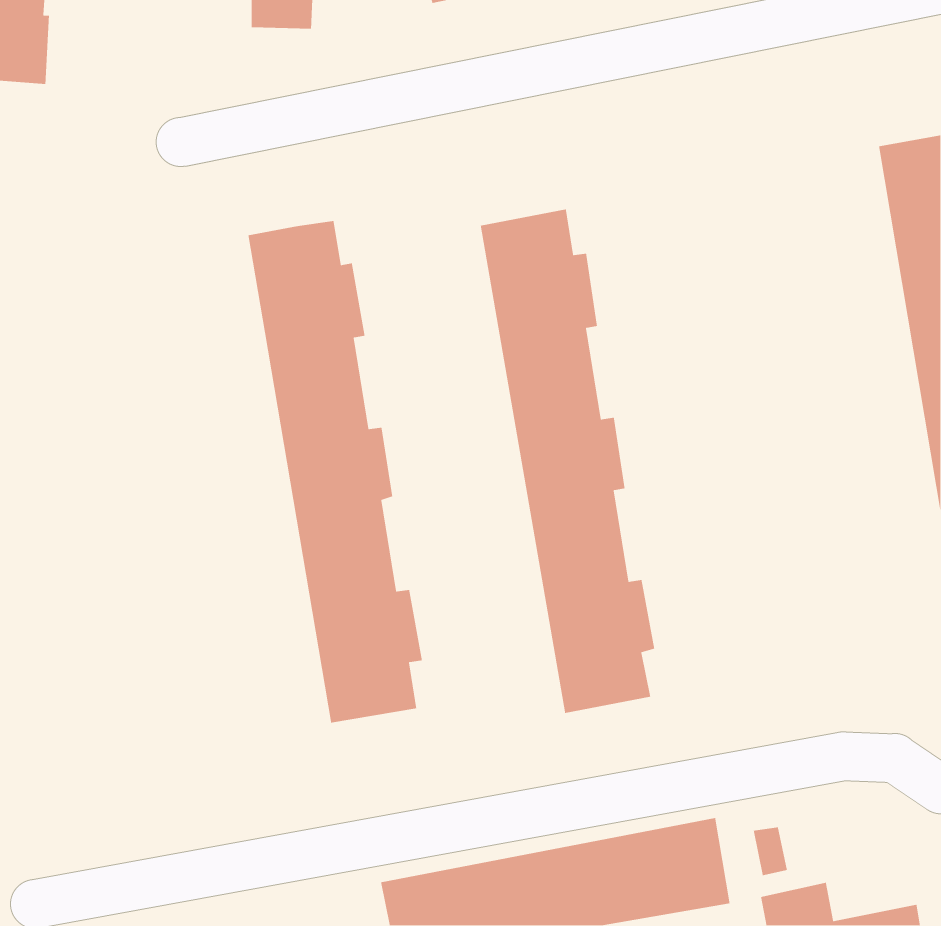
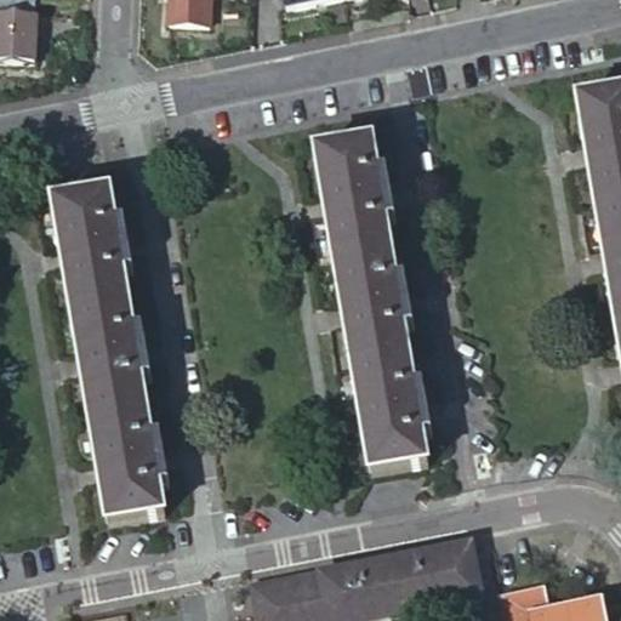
building: [247,220,423,724] -> [53,189,169,520]

